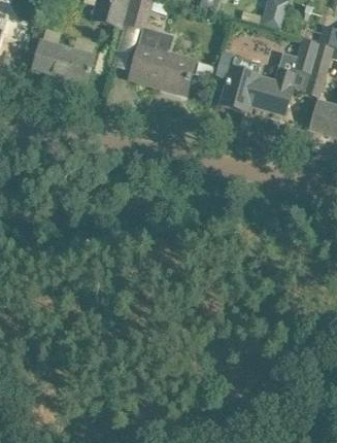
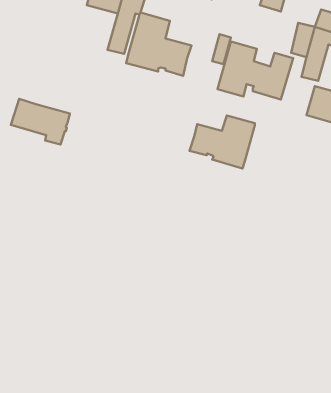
building: [33,41,92,87] -> [11,99,70,145]
building: none -> [190,116,255,169]

